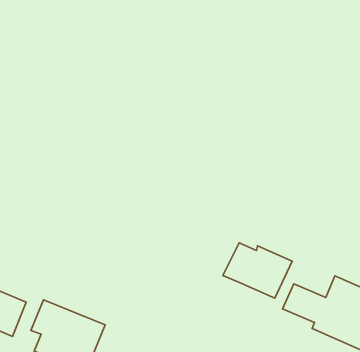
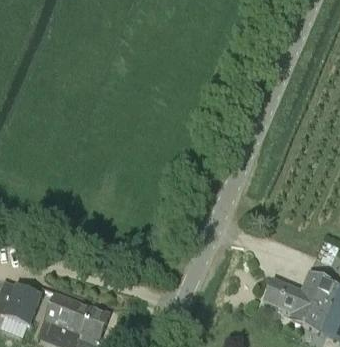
building: [223,243,292,298] -> none

